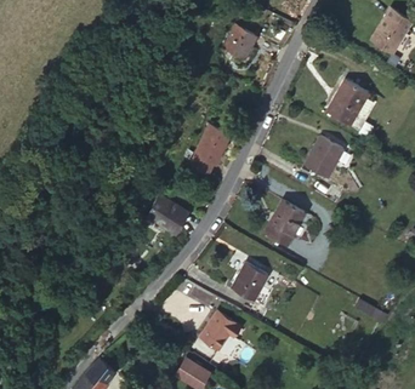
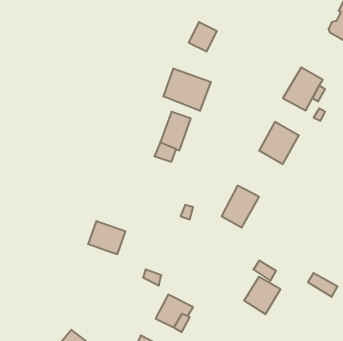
building: none -> [163,68,211,111]
building: [142,195,182,230] -> [88,221,126,254]
building: [222,268,261,308] -> [244,277,280,314]

